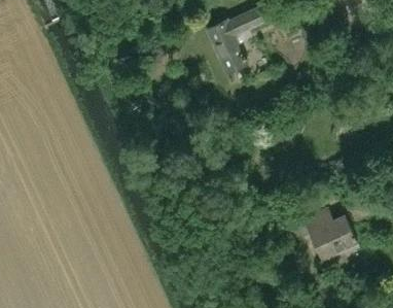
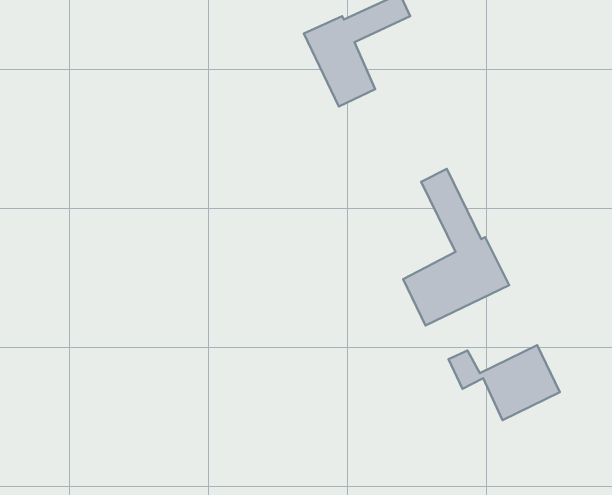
building: none -> [403,169,509,325]

